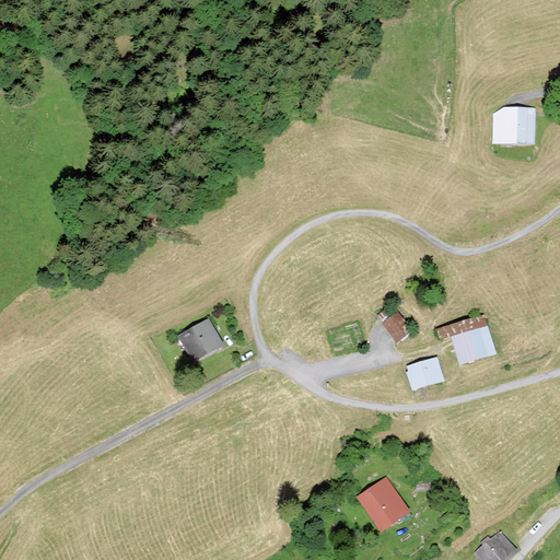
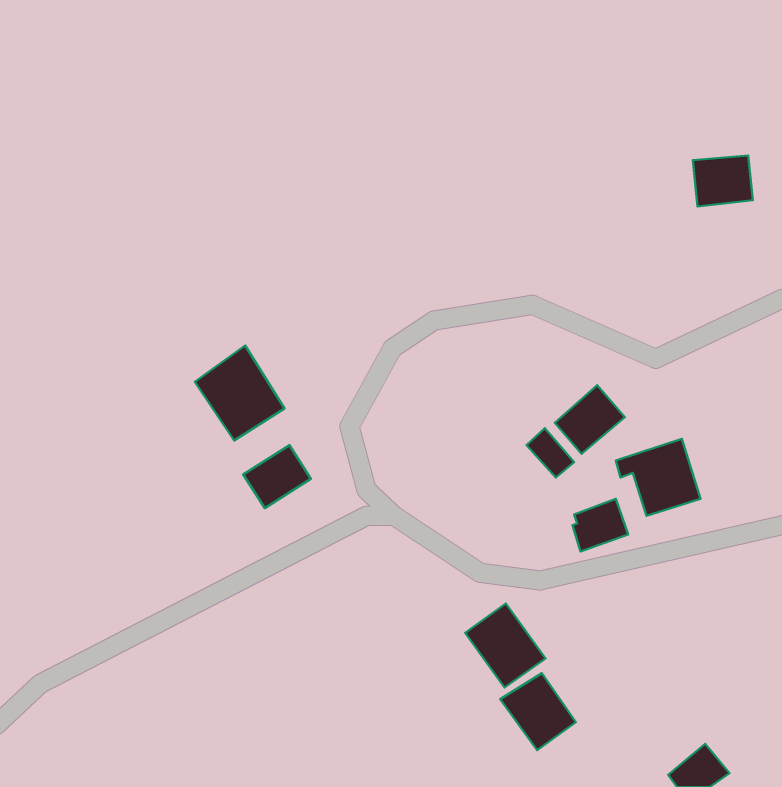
building: none -> [195,346,285,441]
building: none -> [555,385,625,454]
building: none -> [465,604,545,688]

